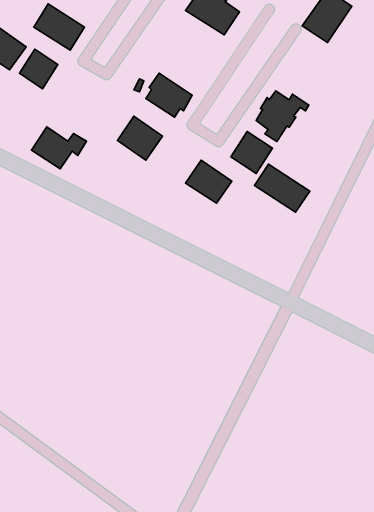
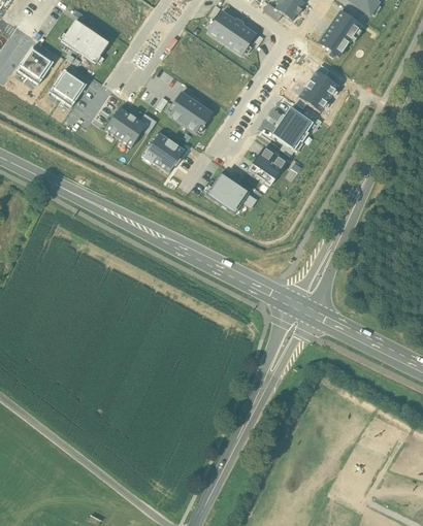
building: none -> [299,70,337,109]
building: [32,127,87,169] -> [105,105,157,144]
building: [254,164,310,212] -> none

